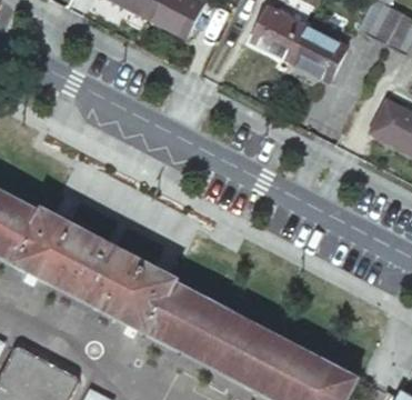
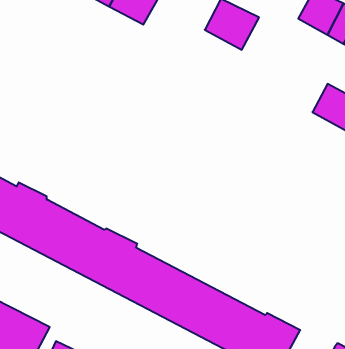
building: [293,29,349,84] -> none

